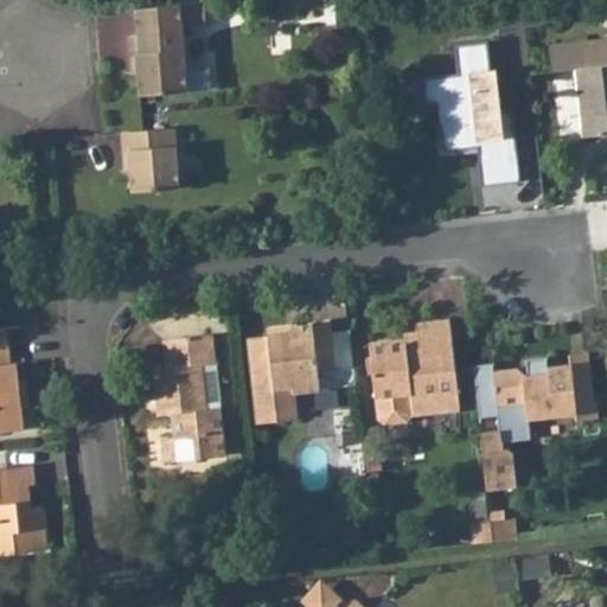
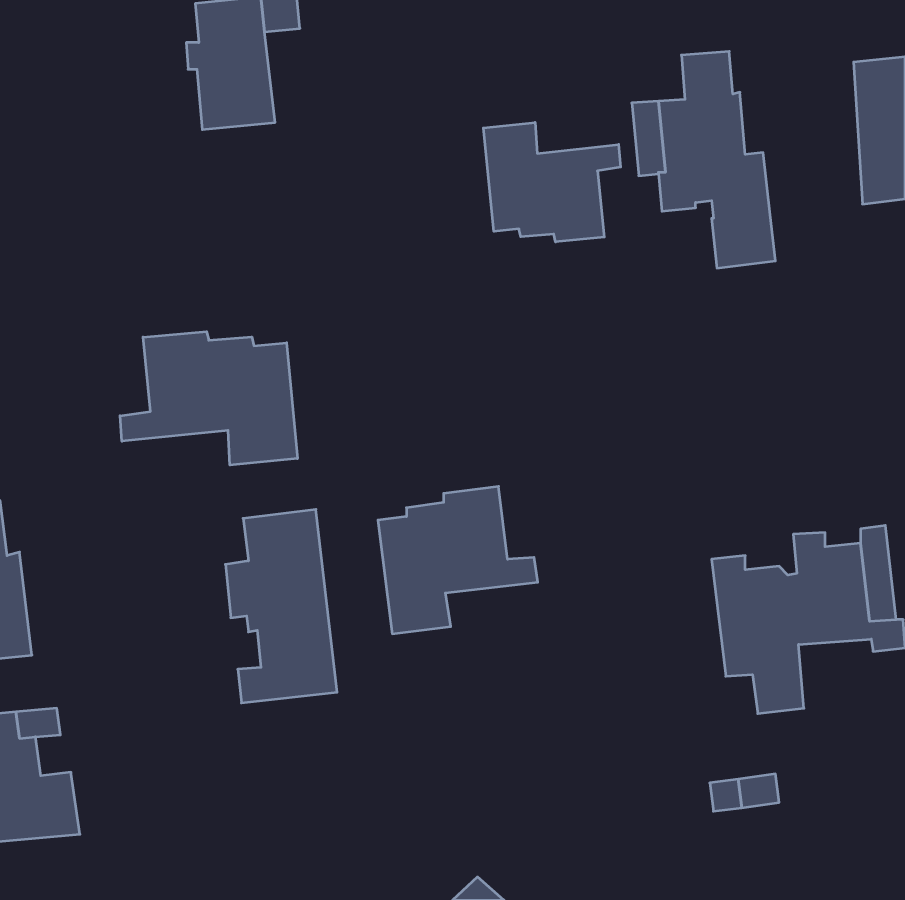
building: none -> [483,122,621,242]
building: [119,121,178,178] -> none
building: none -> [120,332,297,465]
building: [370,319,458,422] -> none

